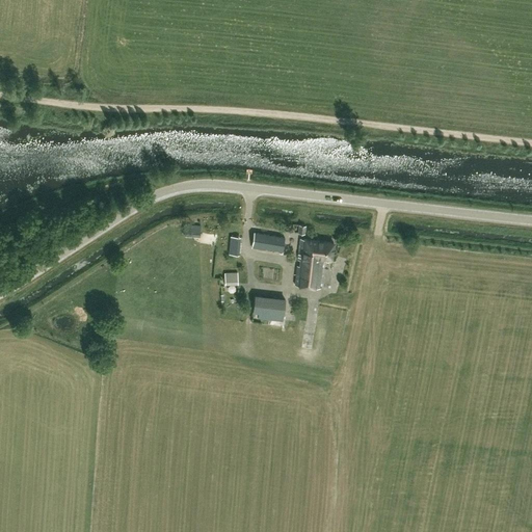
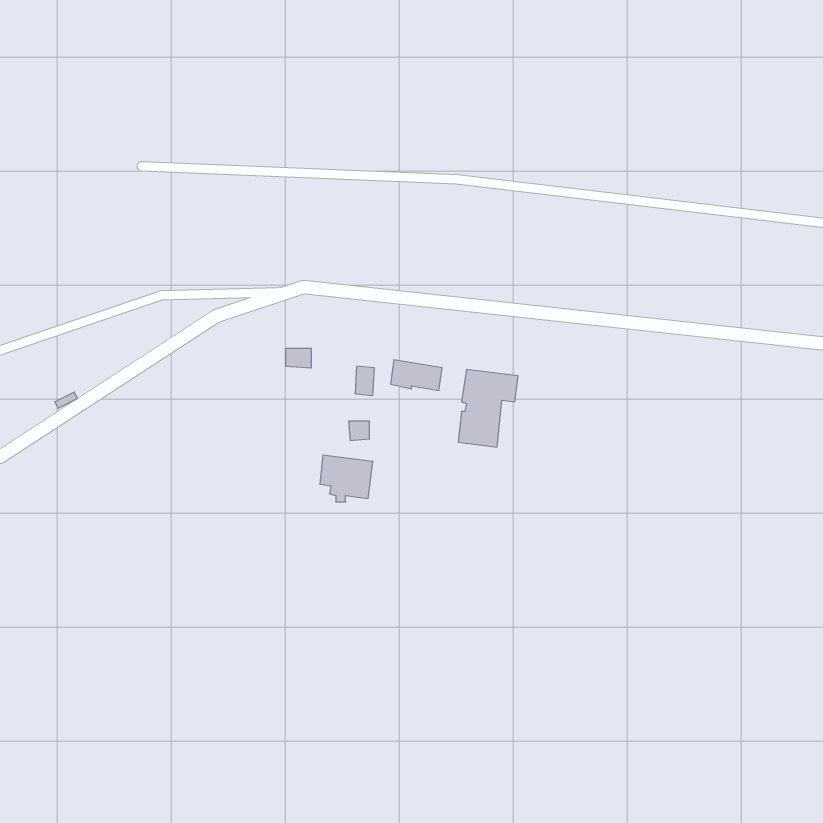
building: [252,294,287,324] -> [320,455,373,502]

